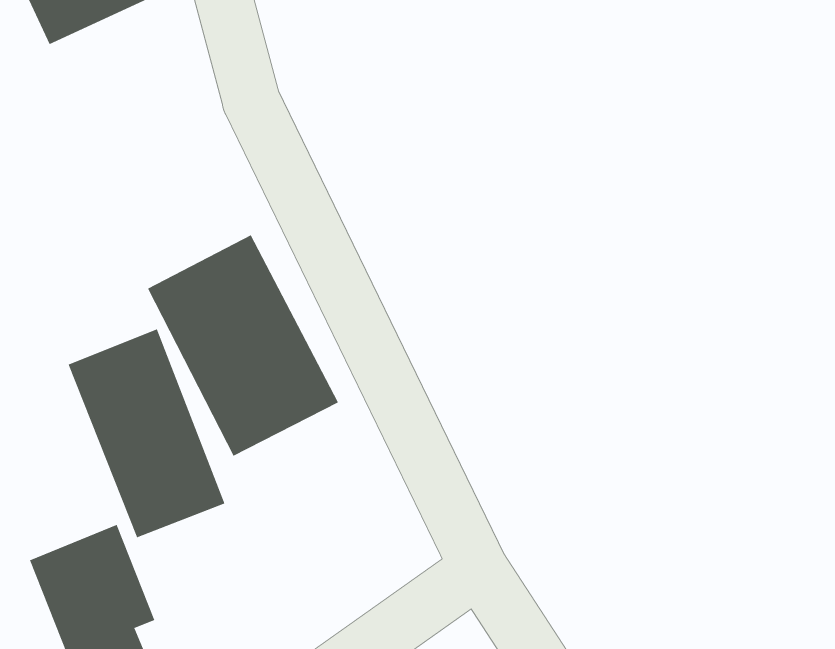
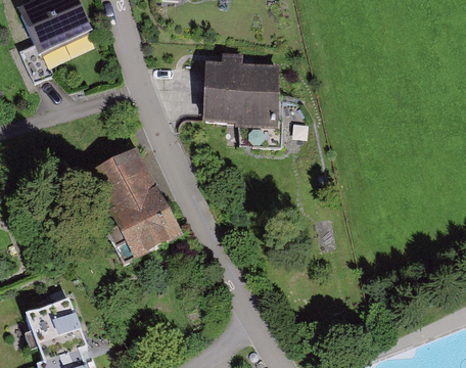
building: none -> [202,66,279,128]
building: [68,328,225,538] -> none

